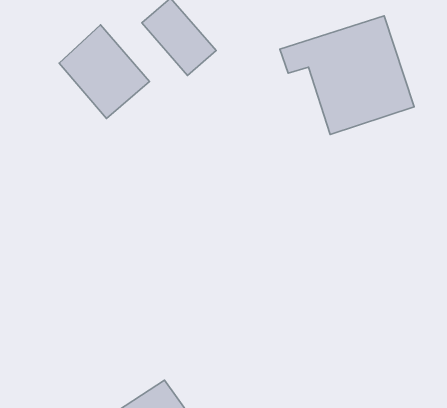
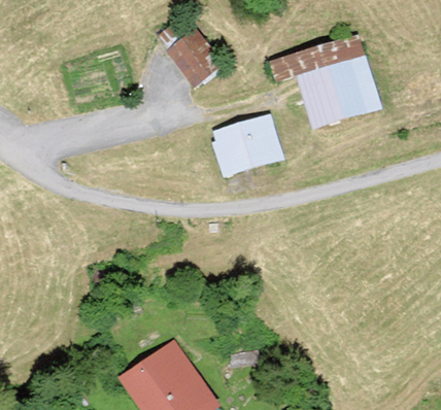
building: [59,25,150,119] -> none
building: none -> [212,111,287,179]

